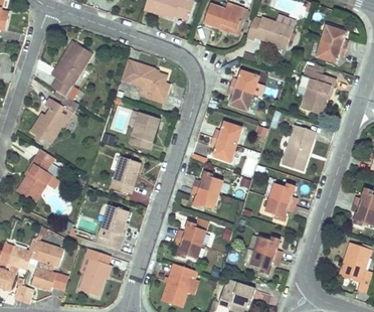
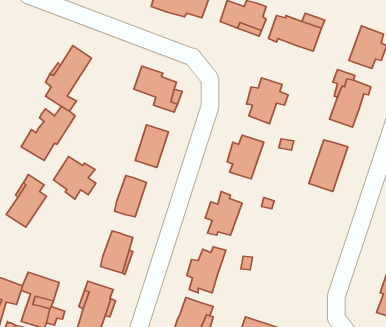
building: none -> [53,156,96,199]
building: [265,183,297,221] -> none
building: [250,237,282,275] -> none

